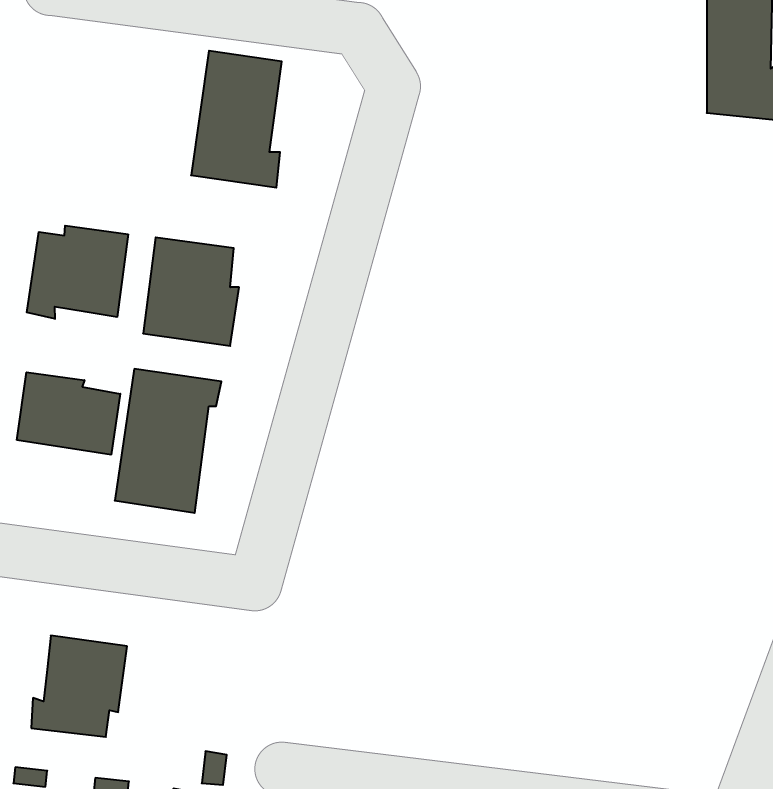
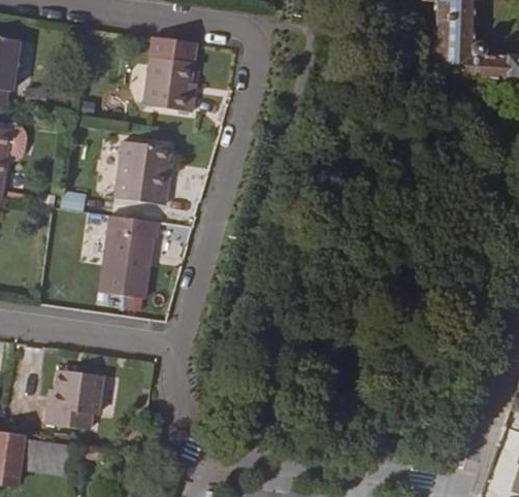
building: [27,226,128,319] -> none
building: [17,372,120,455] -> none

